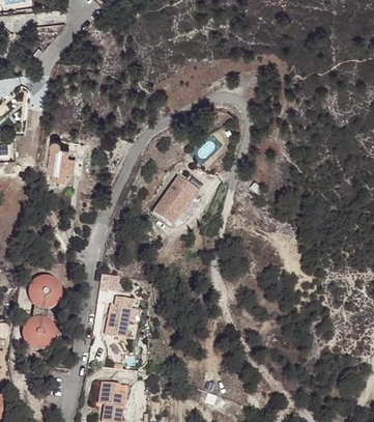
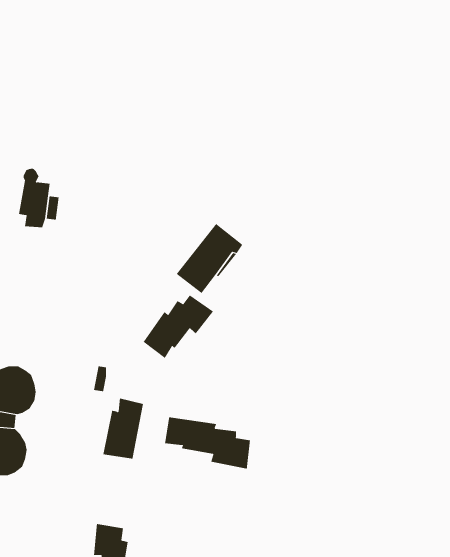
building: none -> [143,295,214,359]
building: none -> [164,417,250,469]

